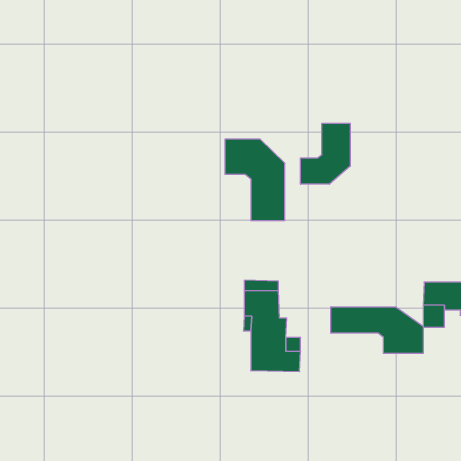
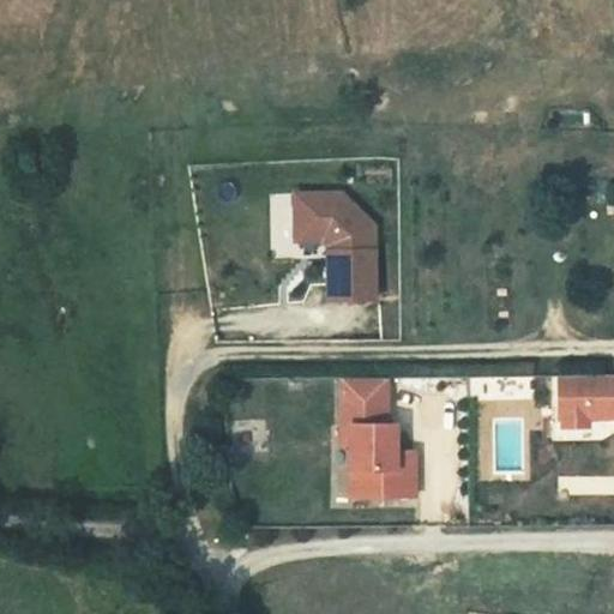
building: [301,123,350,184] -> none
building: [331,307,423,353] -> none

